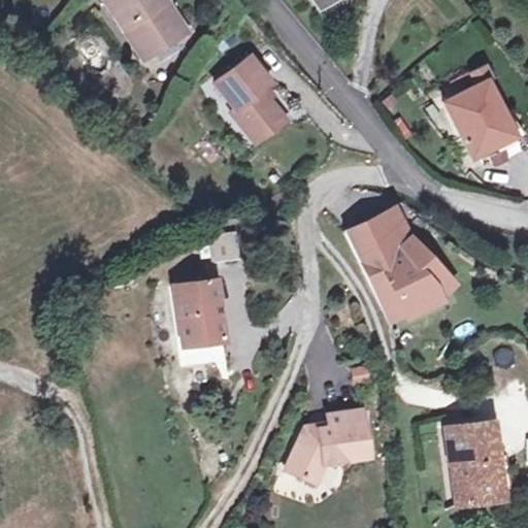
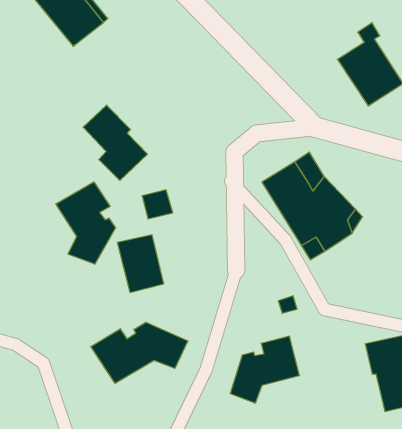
building: [222,57,292,143] -> [83,105,147,180]
building: none -> [56,182,115,264]
building: none -> [91,322,188,383]

